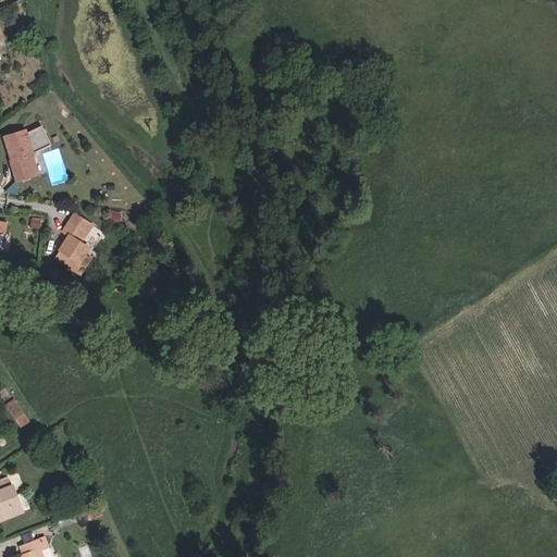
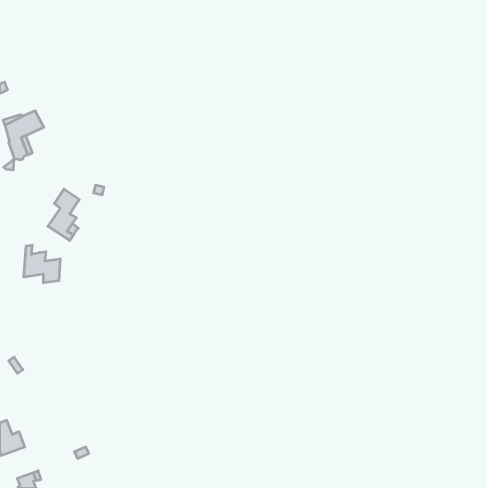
building: none -> [24,245,60,283]

